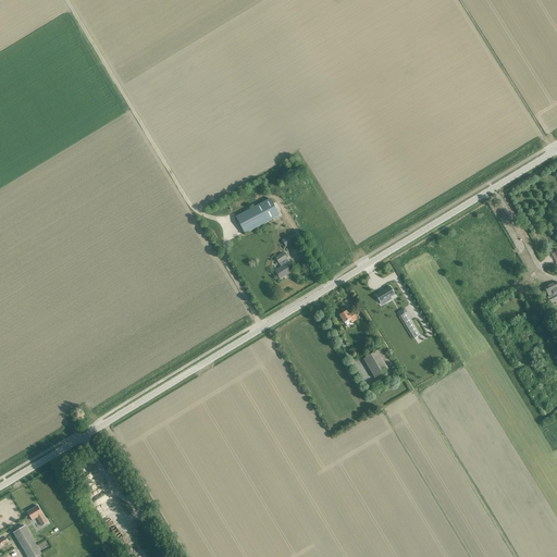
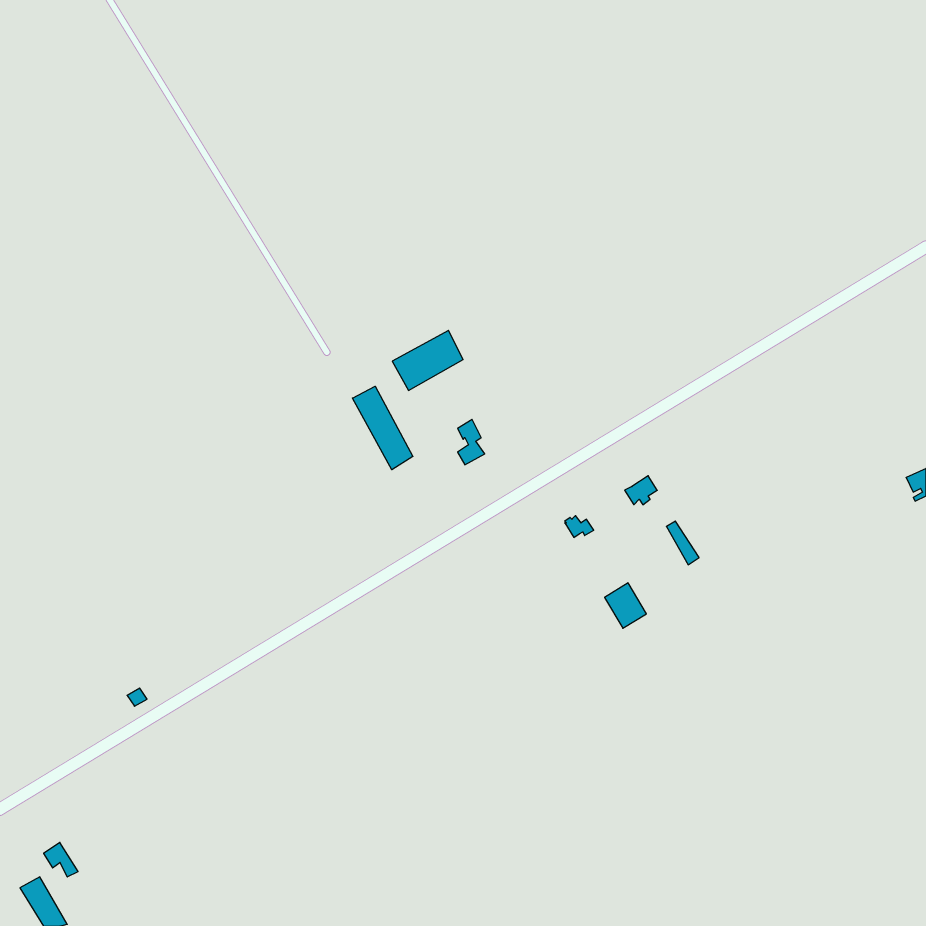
building: none -> [352,386,413,470]

